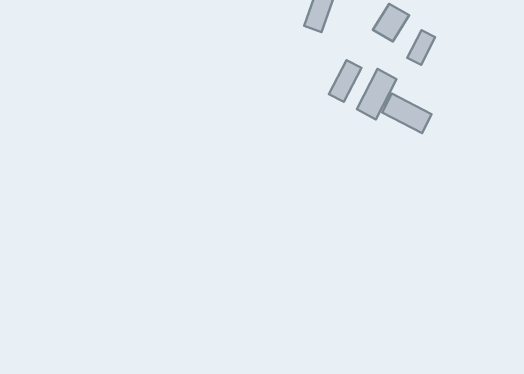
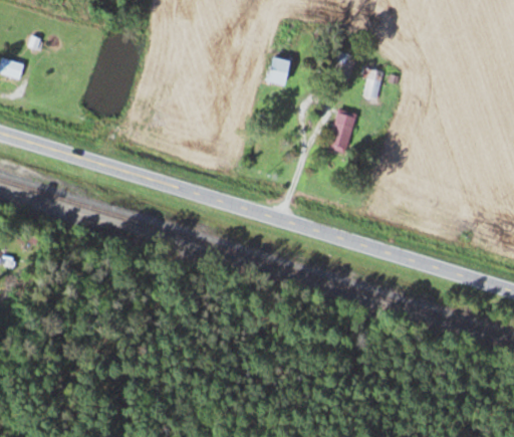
building: [329,60,362,102] -> none
building: [382,93,432,133] -> none

